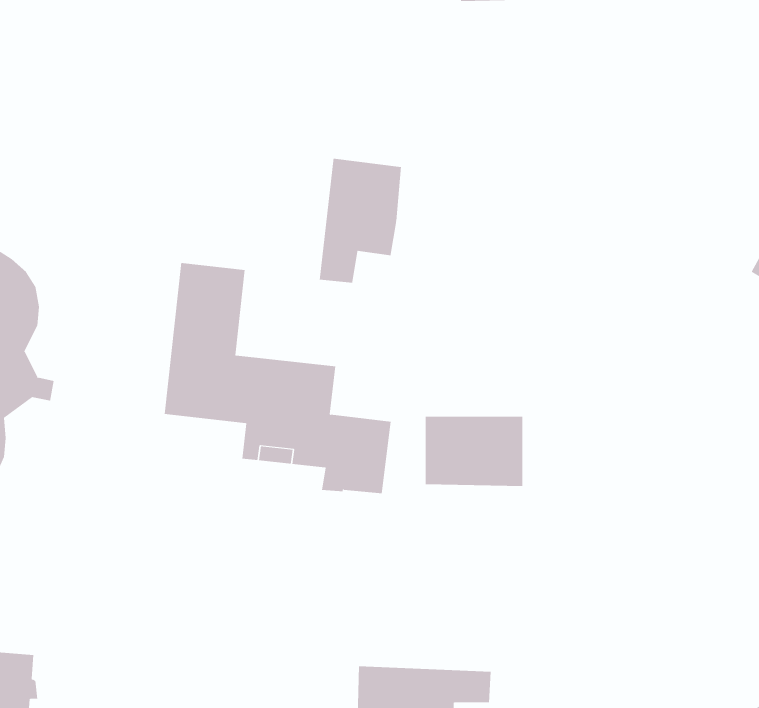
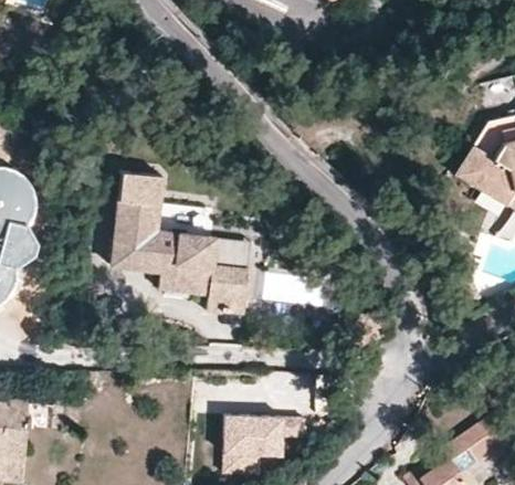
building: [319,158,402,283] -> none
building: none -> [207,233,246,266]

